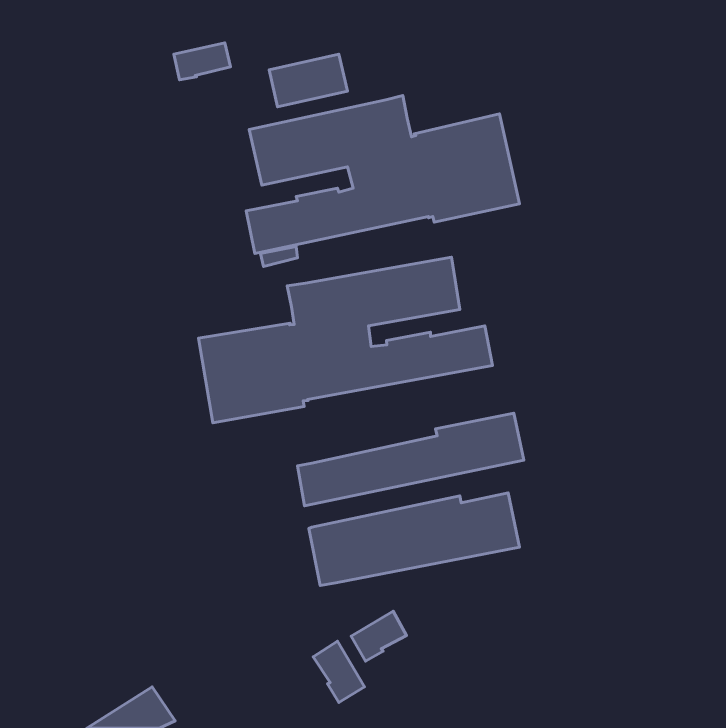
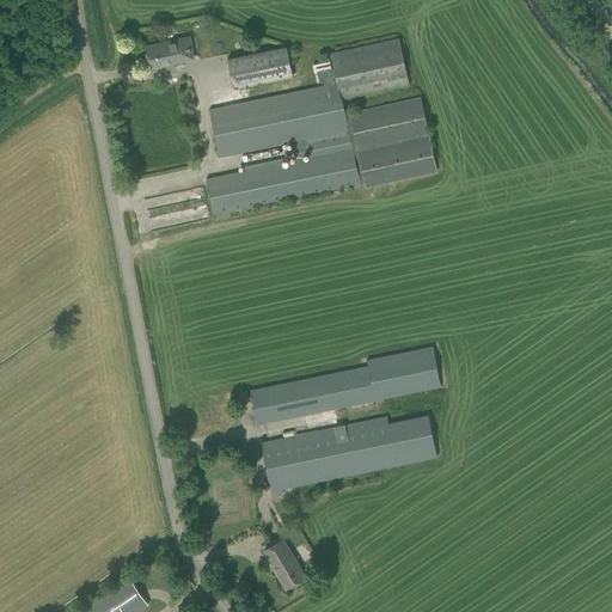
building: none -> [311,38,408,99]
building: [199,257,493,423] -> none
building: [351,611,406,661] -> none

